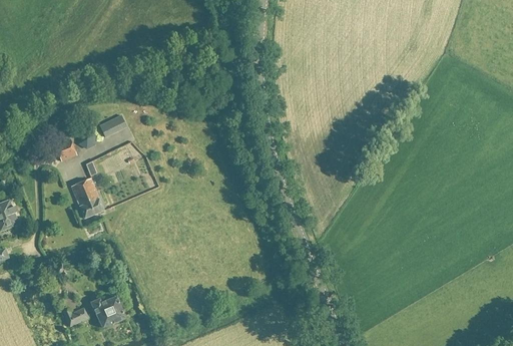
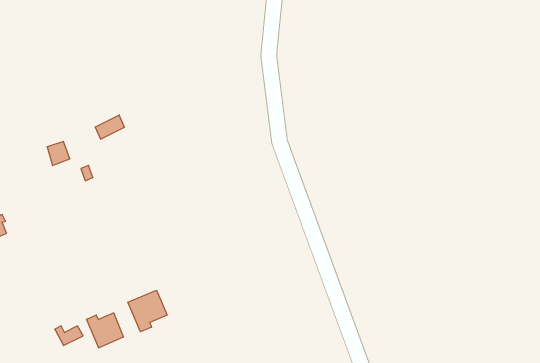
building: [70,178,103,219] -> none
building: none -> [128,290,167,332]

